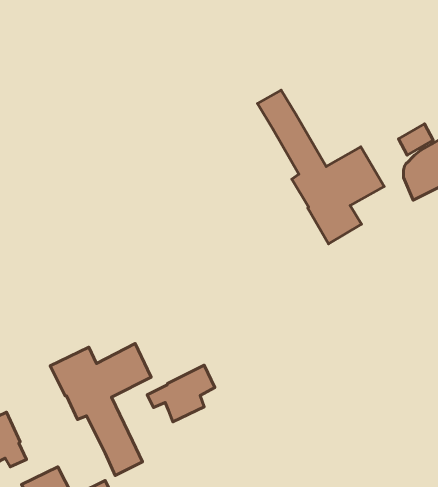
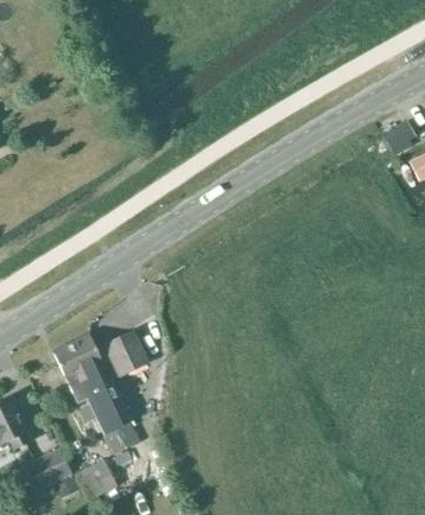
building: [257,90,384,244] -> none
building: [147,365,215,422] -> none

